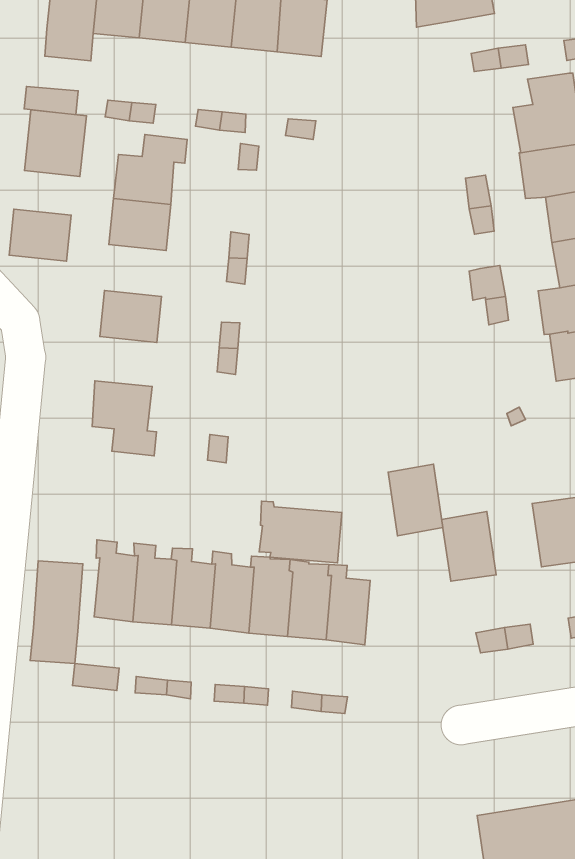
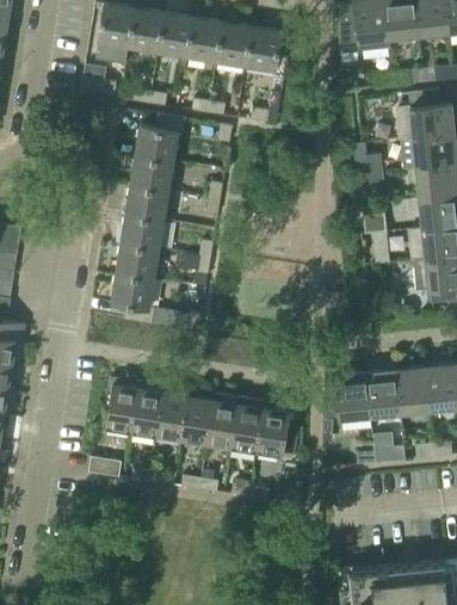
building: [24,110,86,177] -> none
building: [9,209,71,261] -> [125,185,167,221]
building: none -> [116,245,158,279]
building: [388,464,443,536] -> [366,370,400,415]
building: [259,501,342,563] -> none
building: [30,561,83,664] -> none

